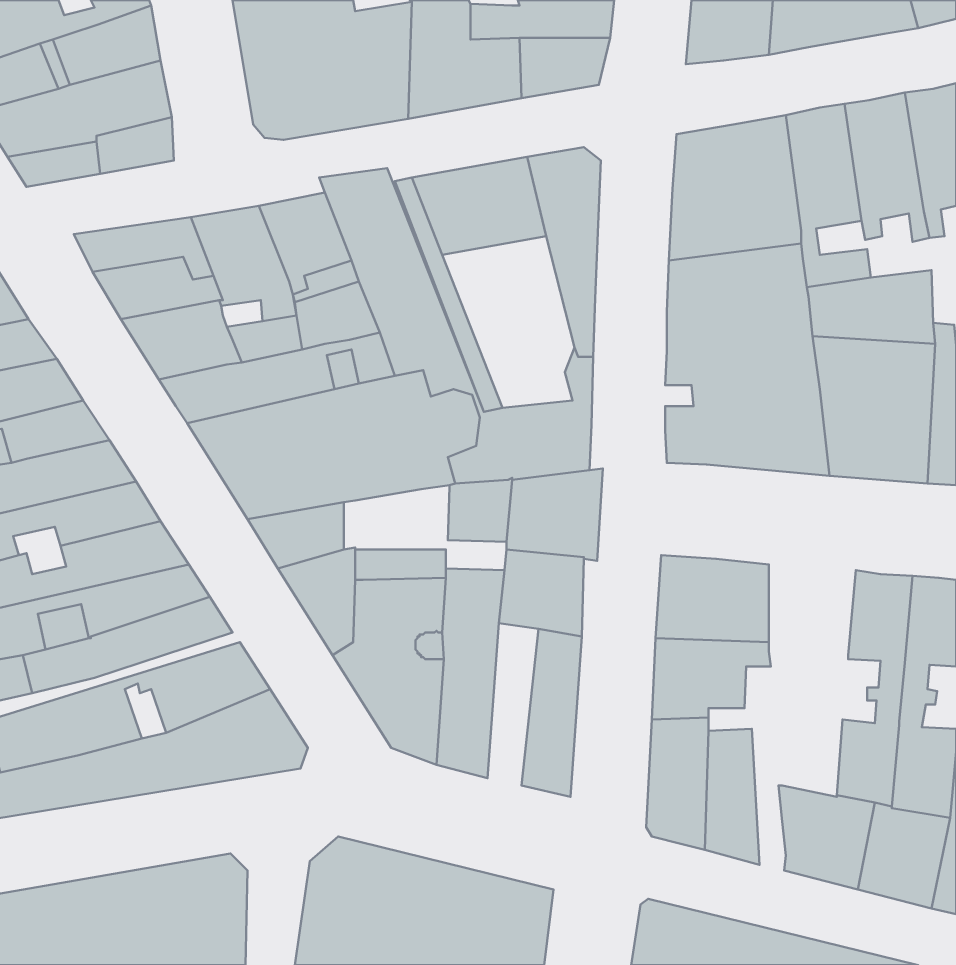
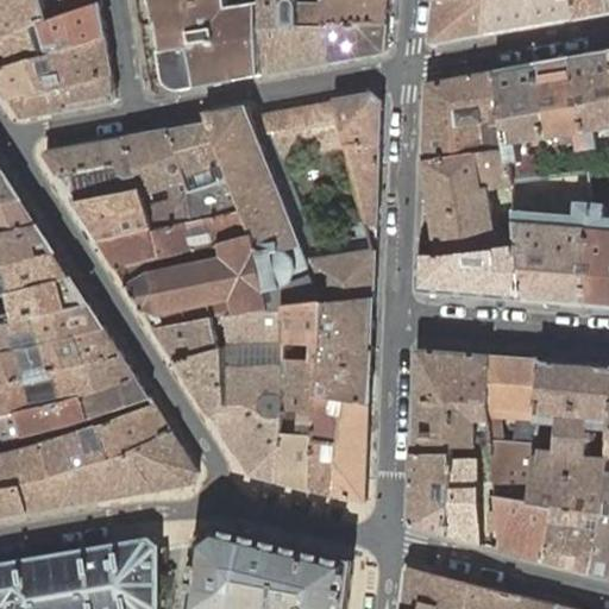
building: none -> [224,306,283,346]
building: none -> [484,356,539,502]
building: none -> [307,393,339,495]

